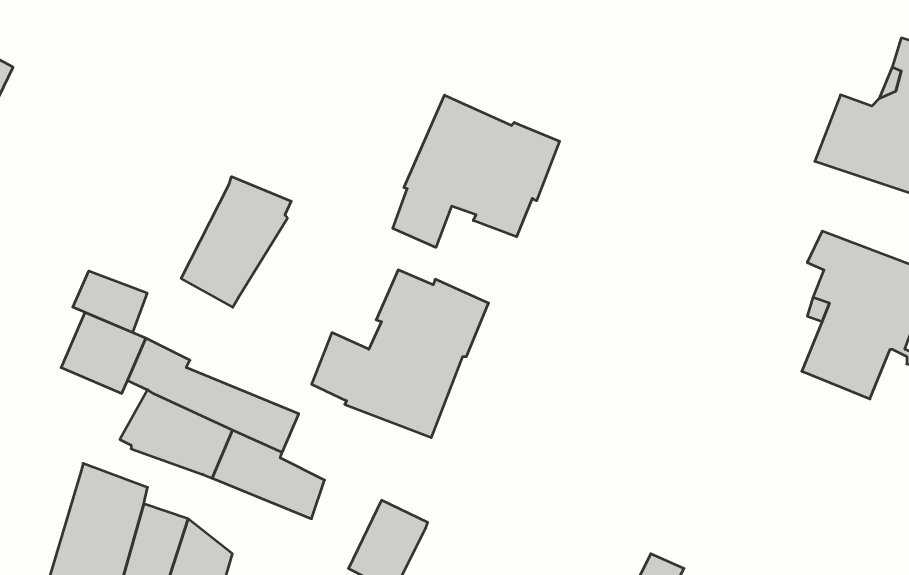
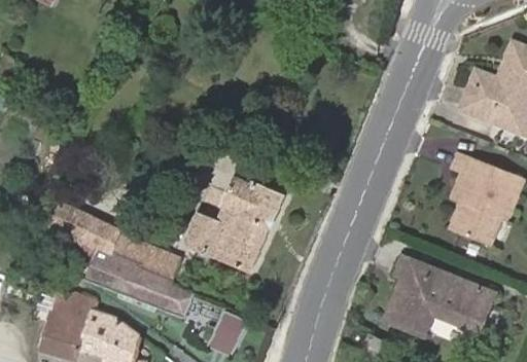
building: [393,95,560,247] -> none
building: [181,177,291,307] -> none
building: [73,271,147,332] -> none
building: none -> [390,260,500,337]

